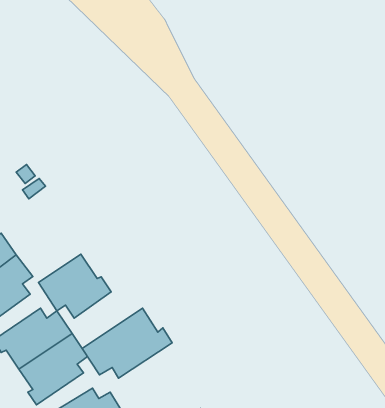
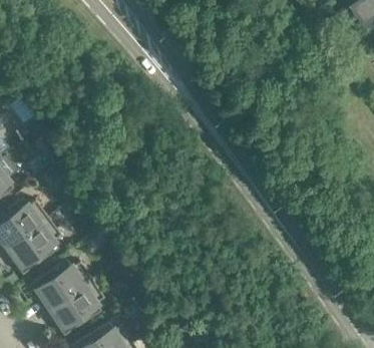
building: [38,254,111,318] -> none
building: [82,308,172,378] -> none

